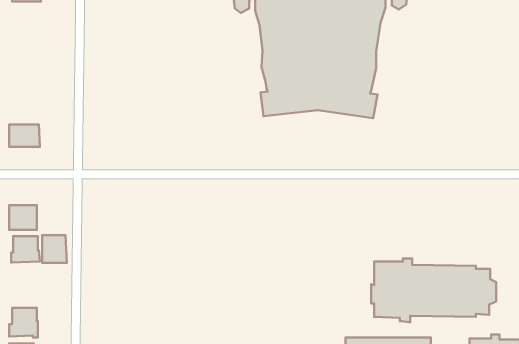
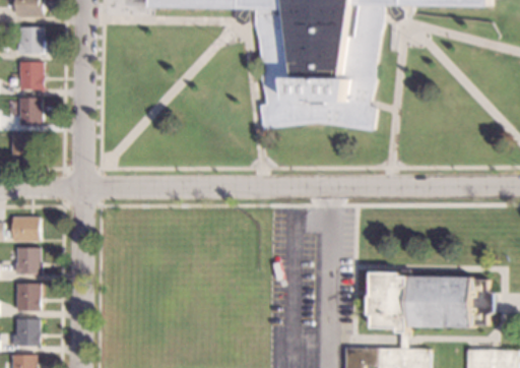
building: none -> [16,27,45,54]
building: none -> [18,62,43,89]
building: none -> [18,97,41,123]
building: [42,235,67,263] -> [15,283,40,310]

